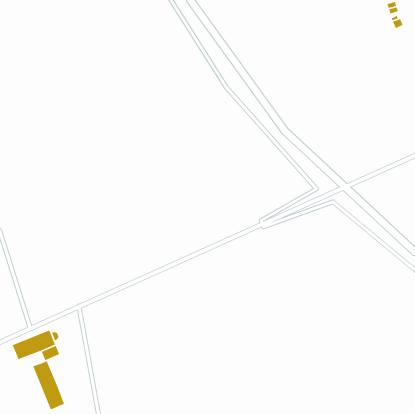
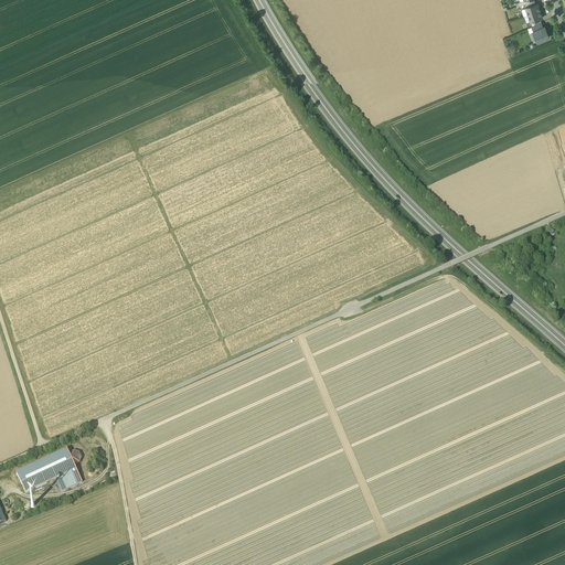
building: [32,360,65,410] -> none

